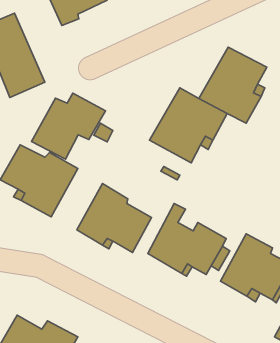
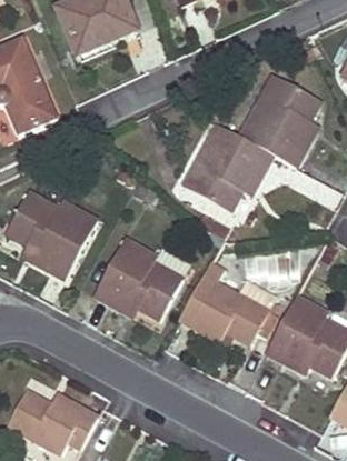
building: [32,93,105,159] -> none

